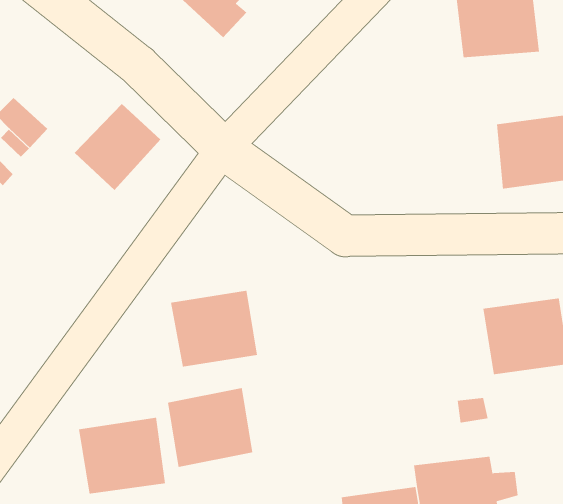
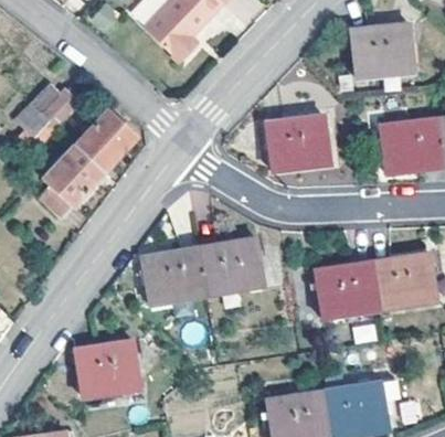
building: none -> [28,83,80,129]
building: none -> [266,116,328,170]
building: none -> [39,147,102,219]
building: none -> [315,260,379,318]
building: [167,387,253,467] -> [199,236,262,295]

